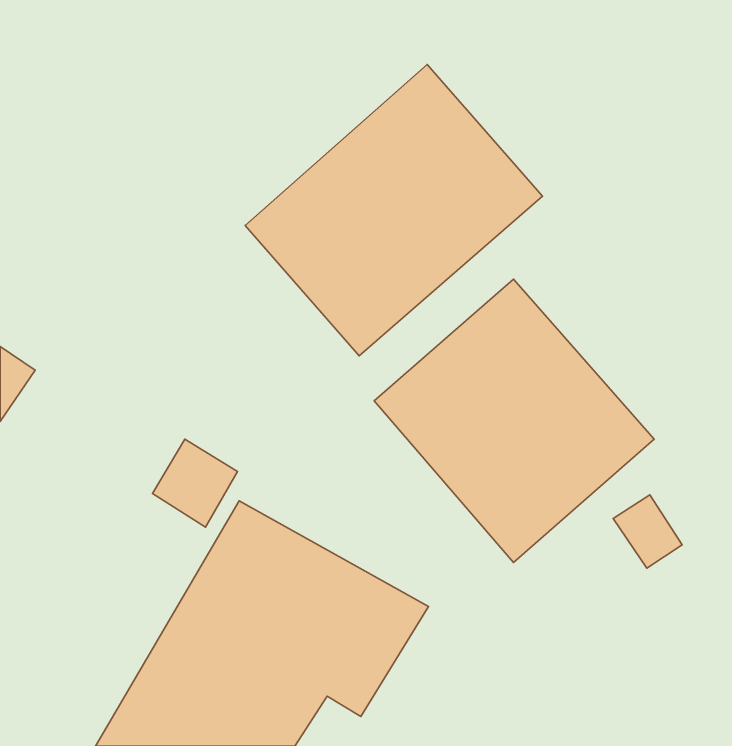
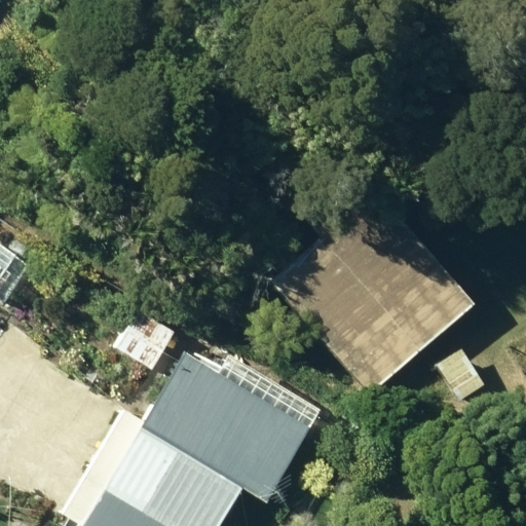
building: [245,64,542,356] -> none

